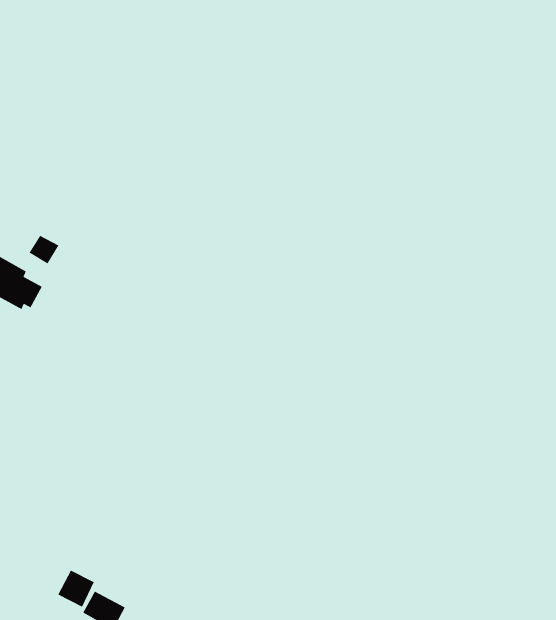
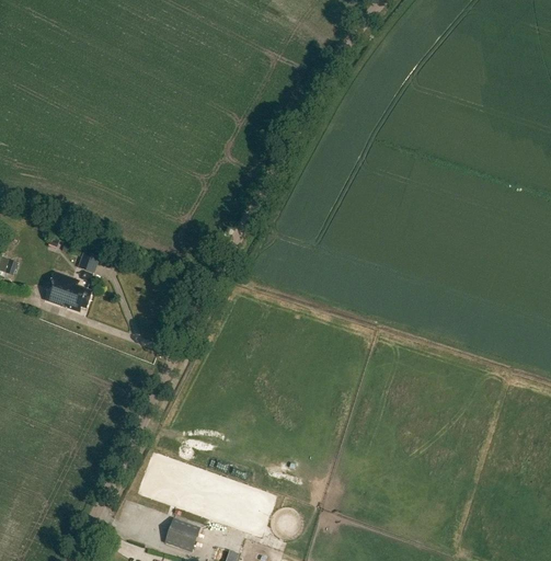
building: [57,569,95,608] -> none

